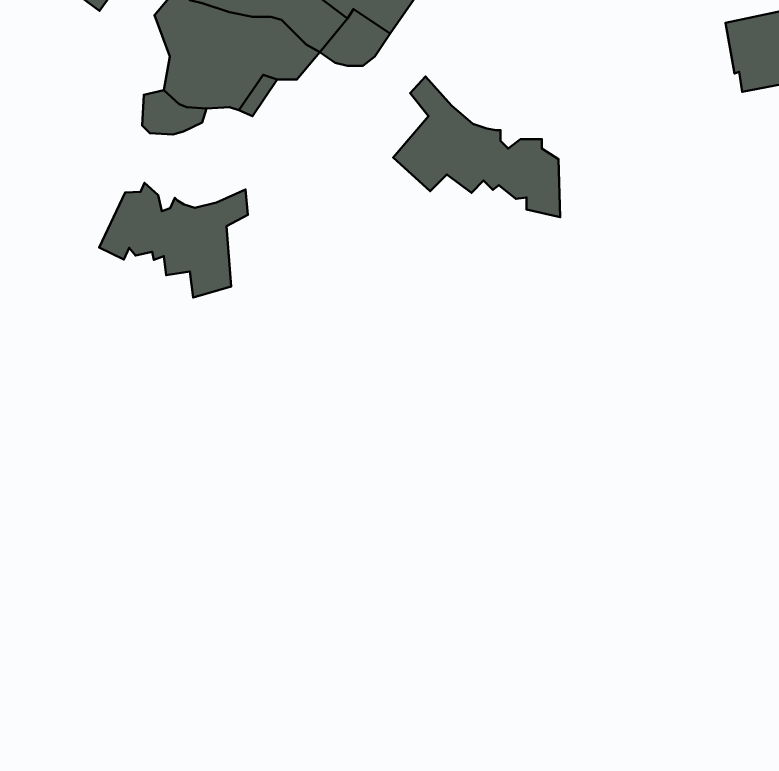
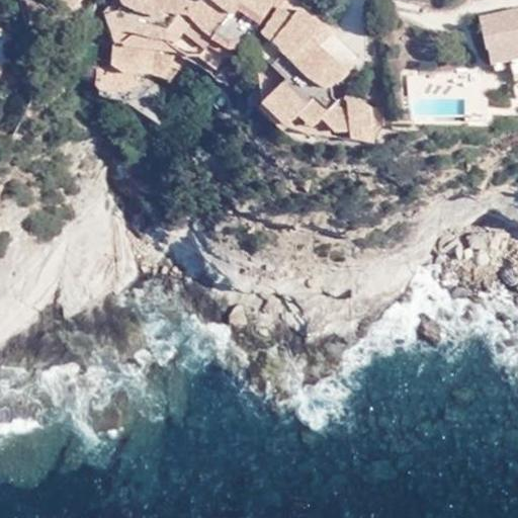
building: none -> [262,4,349,86]
building: [99,183,248,298] -> none

